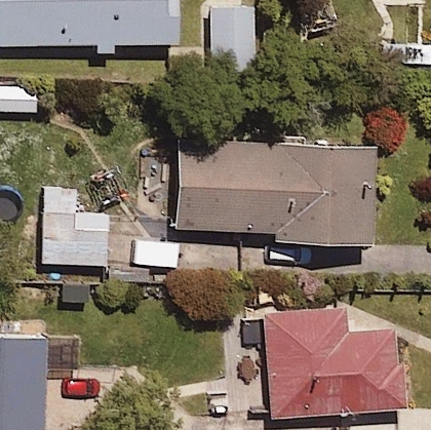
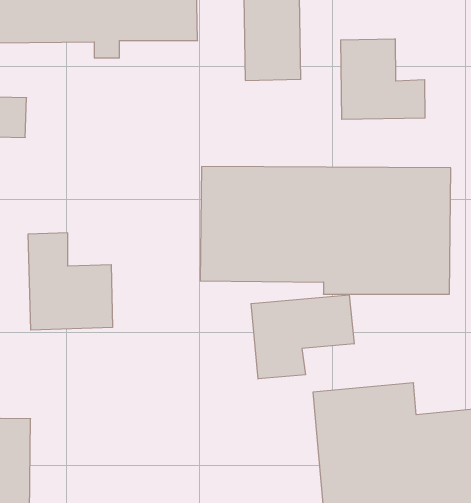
building: none -> [341,39,425,119]
building: none -> [251,295,354,379]

